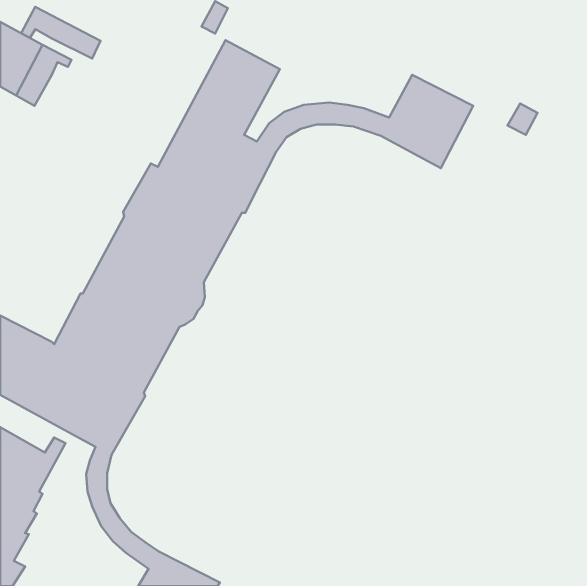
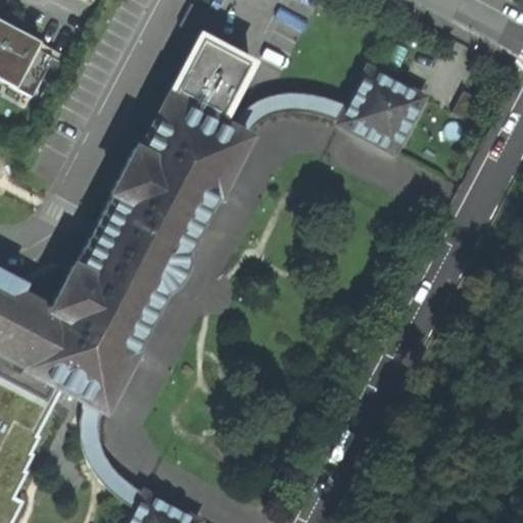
building: [21,7,100,59] -> none

